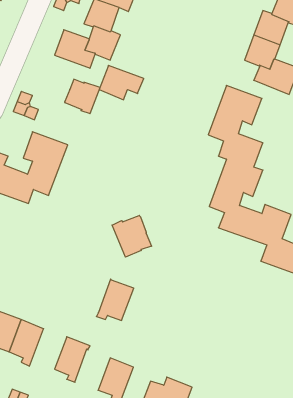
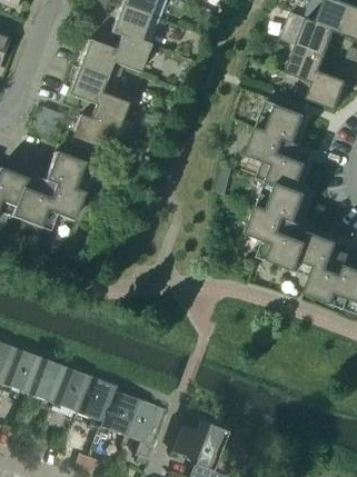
building: [99,65,144,100] -> [68,66,117,103]
building: none -> [68,113,108,152]
building: [112,215,152,257] -> none
building: [96,279,134,320] -> [98,389,139,435]
building: none -> [50,367,91,411]

